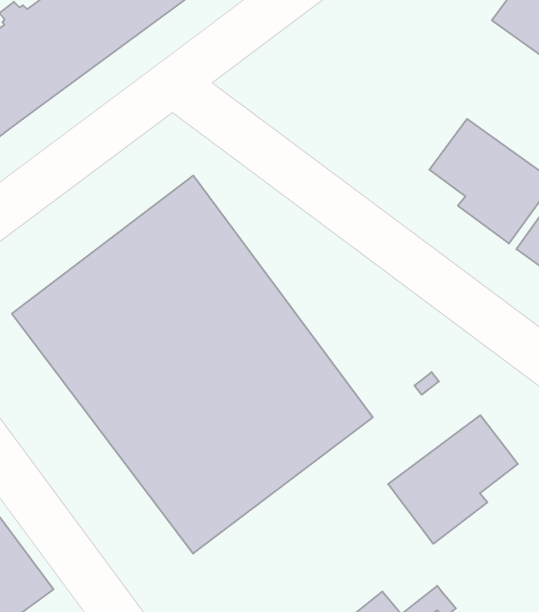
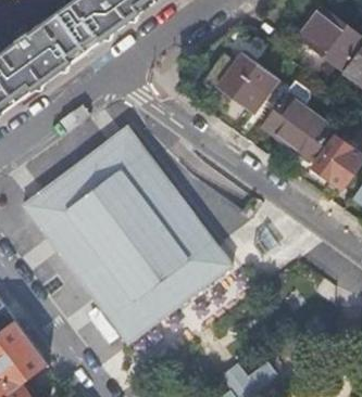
building: none -> [216,52,277,112]
building: [388,415,518,544] -> none

